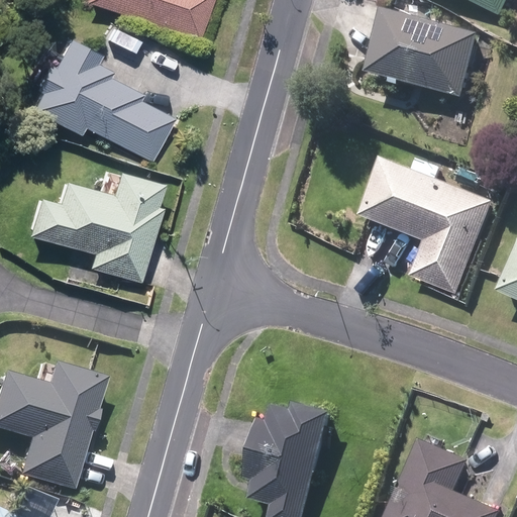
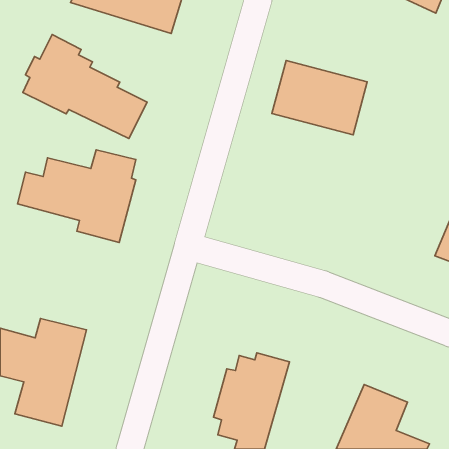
building: [369,12,478,97] -> [272,61,367,135]
building: [363,160,494,293] -> none

